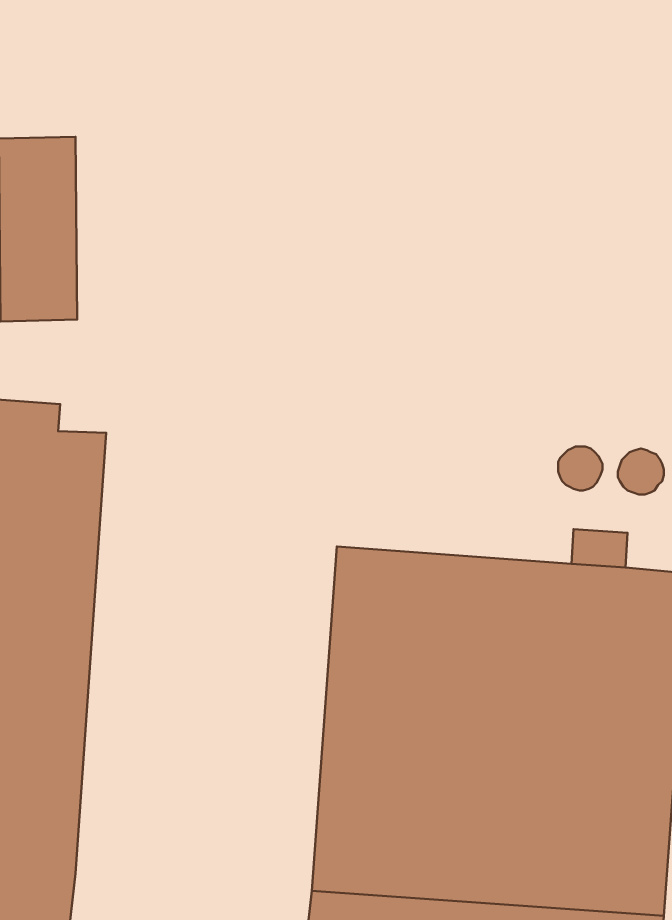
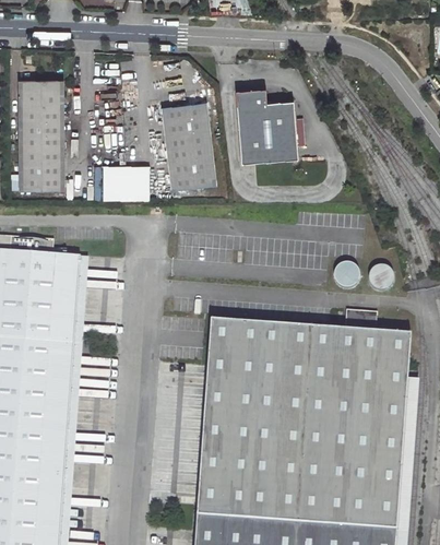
building: none -> [237,88,298,163]
building: none -> [162,103,215,192]
building: none -> [102,166,148,201]

